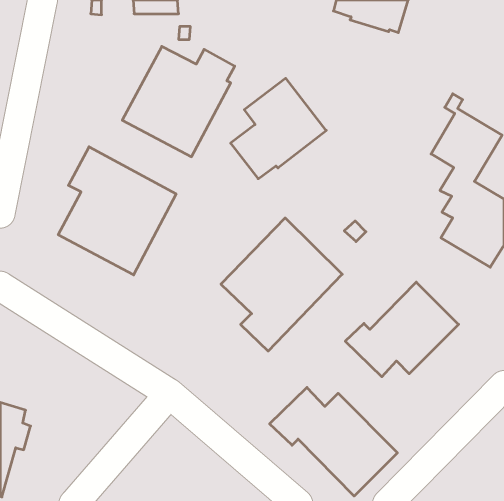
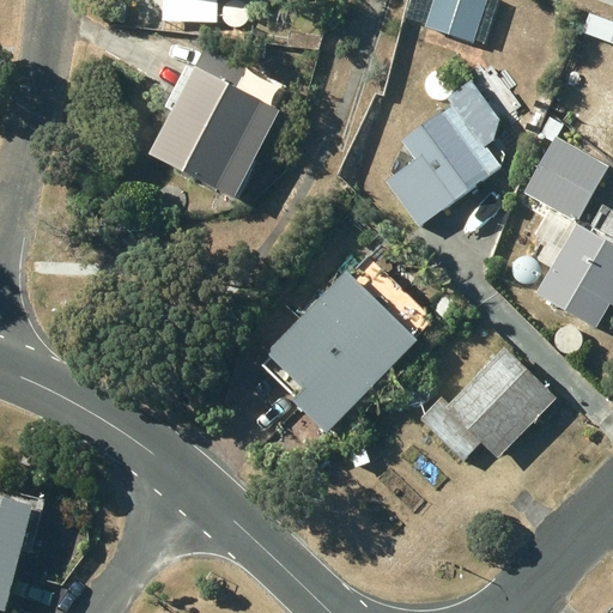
building: [231,78,326,179] -> [386,103,502,225]
building: [58,147,176,275] -> none
building: [270,387,397,496] -> none

